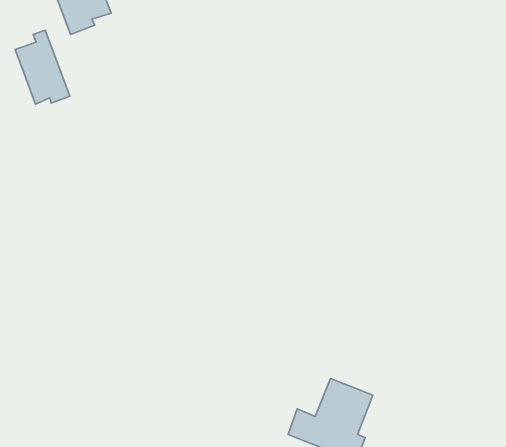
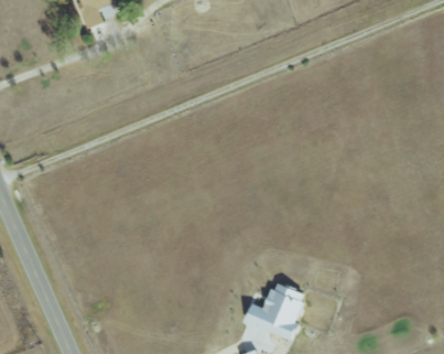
building: [15,30,70,104] -> none

